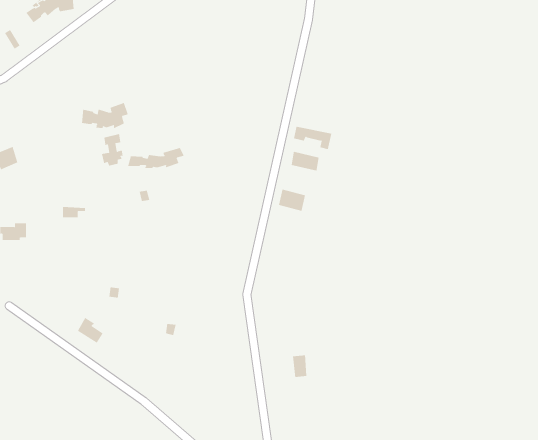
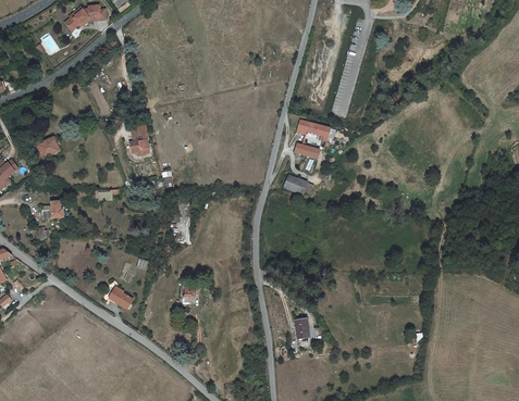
building: [82,102,128,129] -> none
building: [128,147,184,169] -> none

